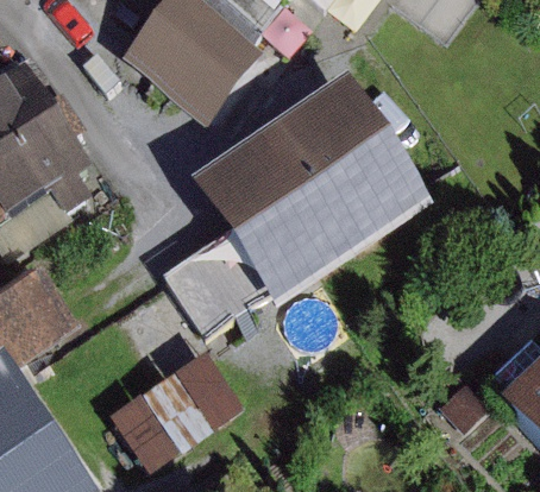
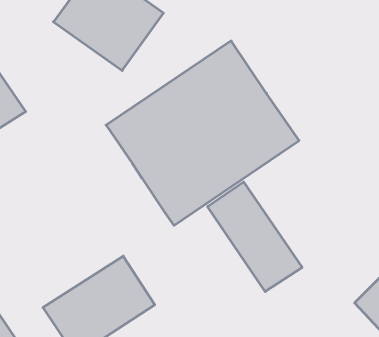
building: [162,231,263,332] -> none
building: none -> [208,182,302,292]

